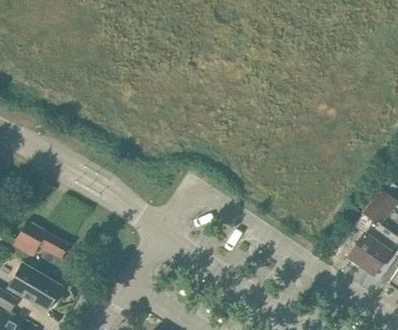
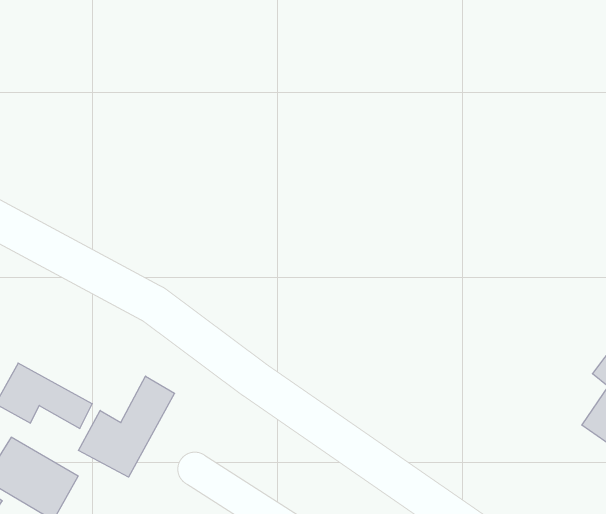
building: none -> [78,376,175,477]

